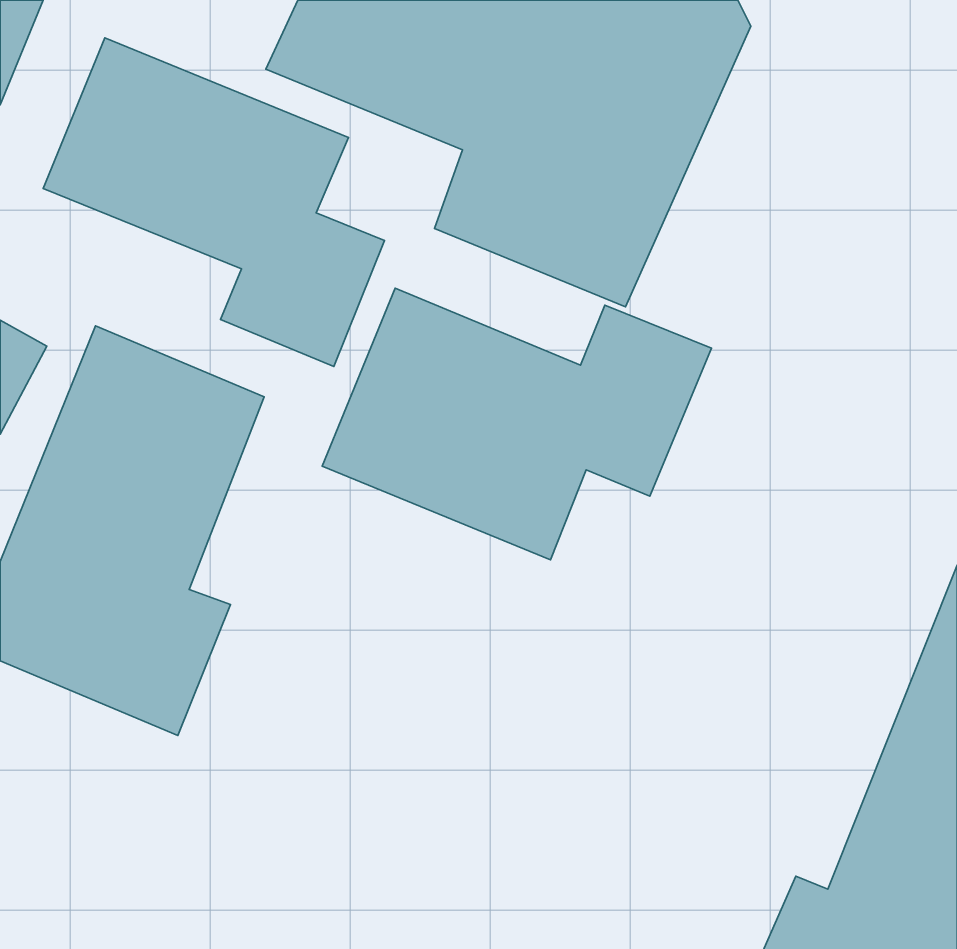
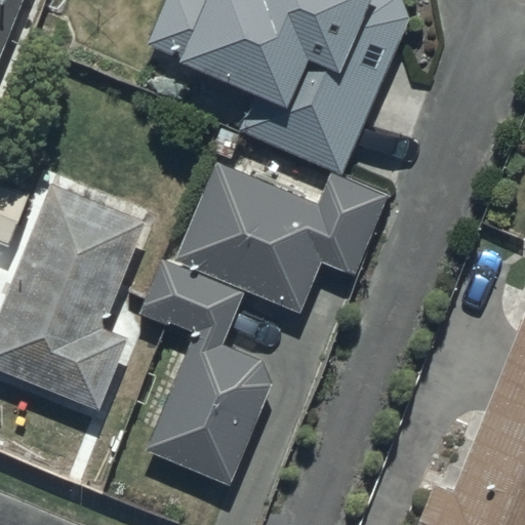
building: [43,38,384,367] -> none
building: none -> [137,256,274,485]

